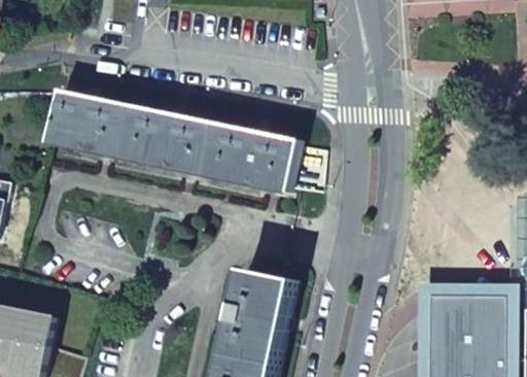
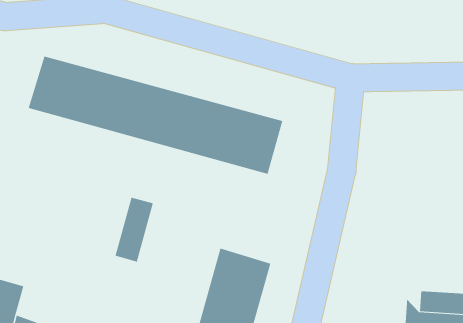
building: none -> [115,197,154,262]

